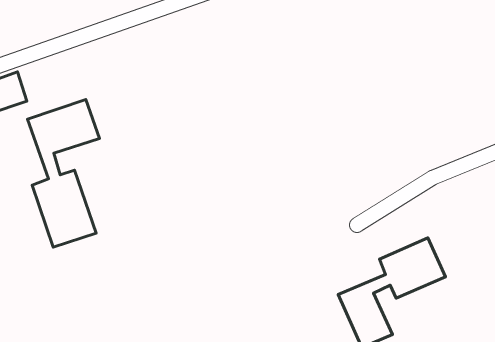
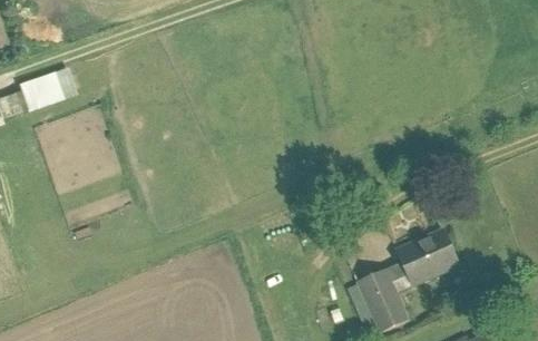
building: [28,100,99,247] -> none

